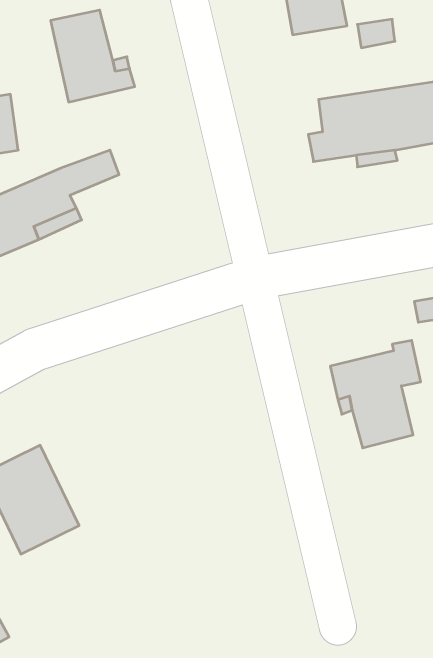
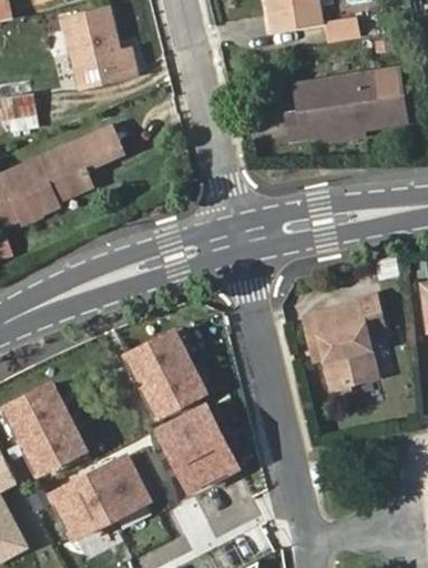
building: none -> [125,328,210,420]
building: none -> [157,404,241,496]
building: none -> [51,452,153,539]

